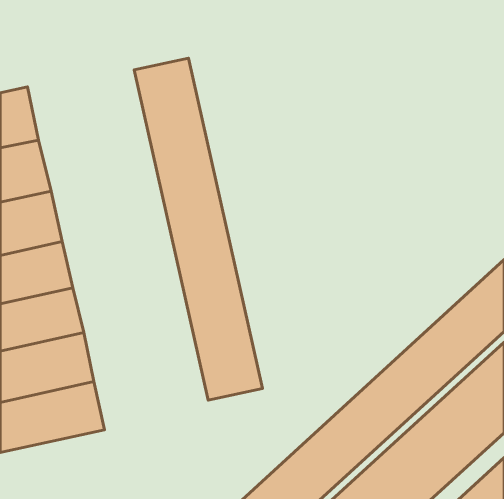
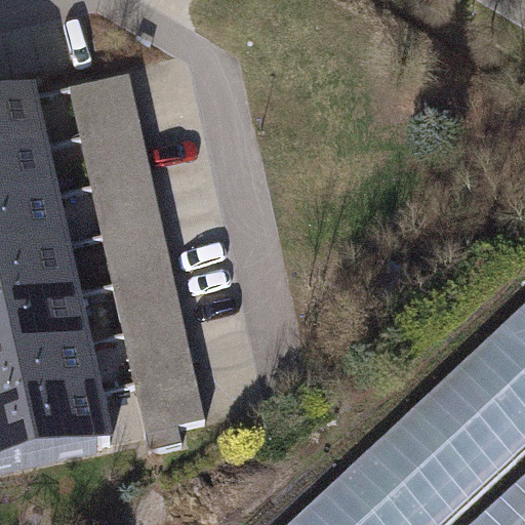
building: [134,58,262,400] -> [71,83,204,439]

